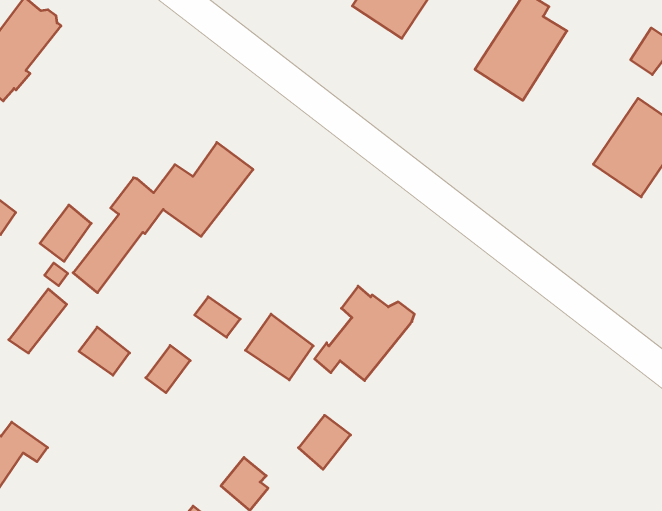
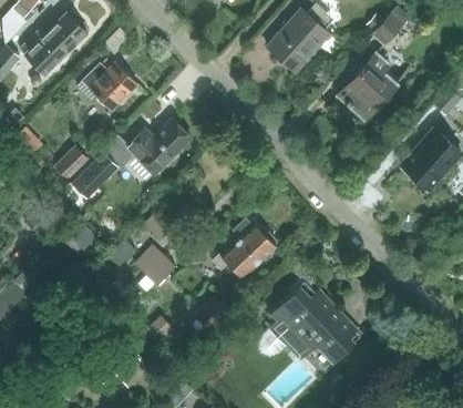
building: none -> [81,62,138,112]
building: [245,314,313,380] -> [133,244,175,286]
building: none -> [257,282,360,365]

